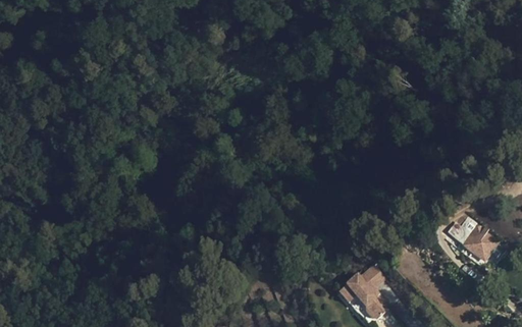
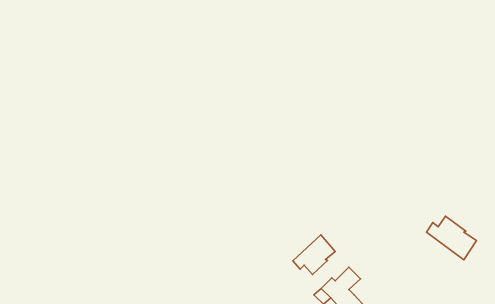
building: none -> [293,235,335,275]

